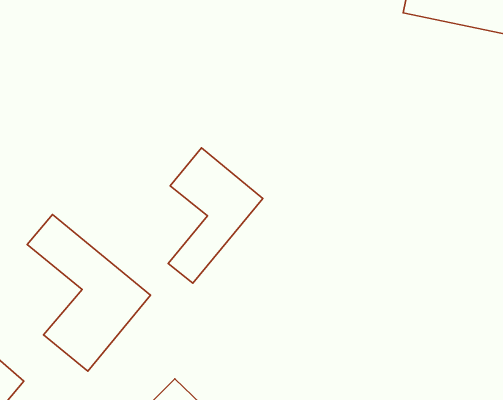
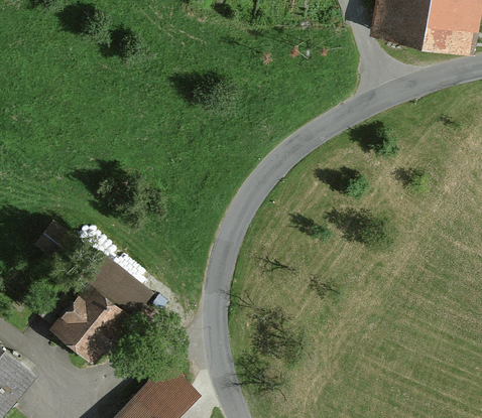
building: [168,148,263,283] -> none

